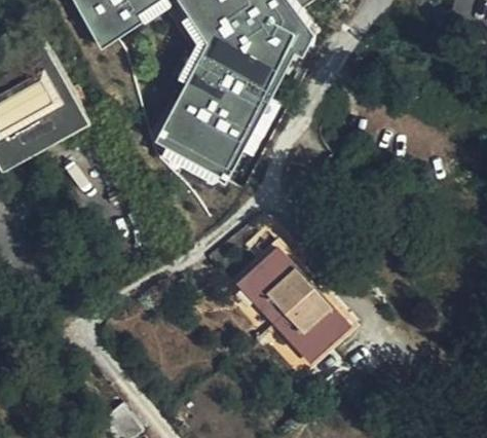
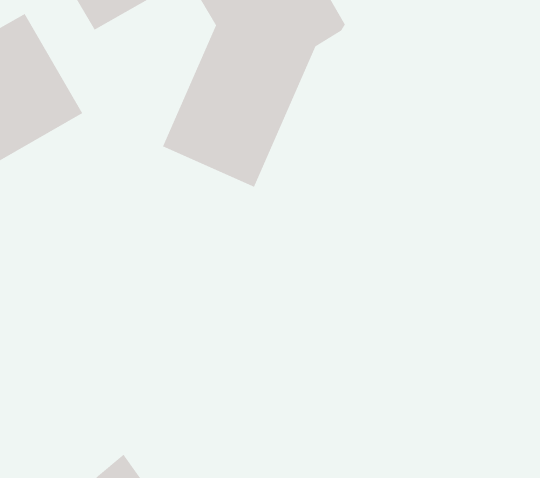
building: [236,246,353,365] -> none

